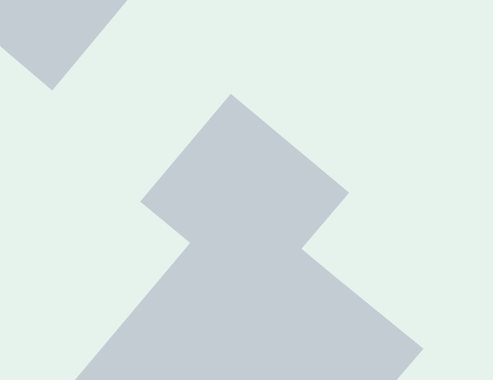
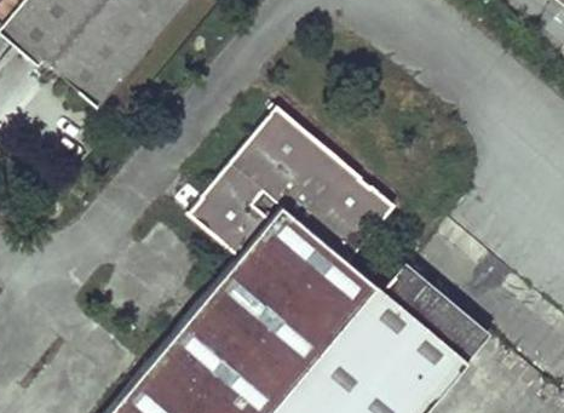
building: none -> [382,260,493,360]

